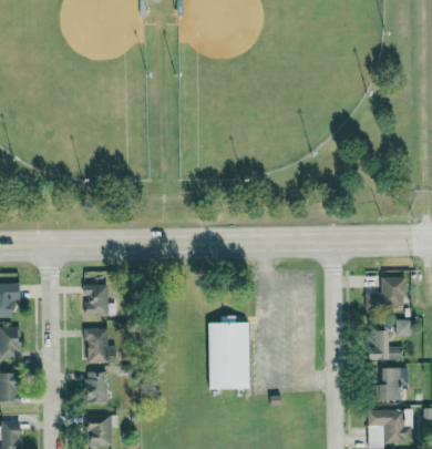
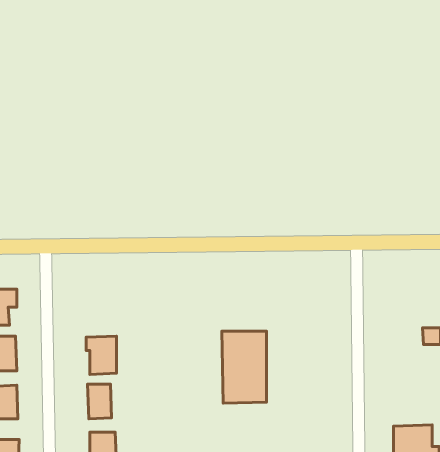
building: [364,276,405,308] -> none
building: [84,284,109,315] -> none
building: [371,331,402,360] -> none
building: [380,367,404,400] -> none

